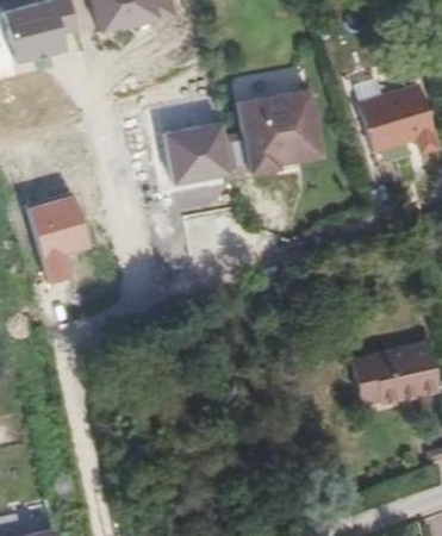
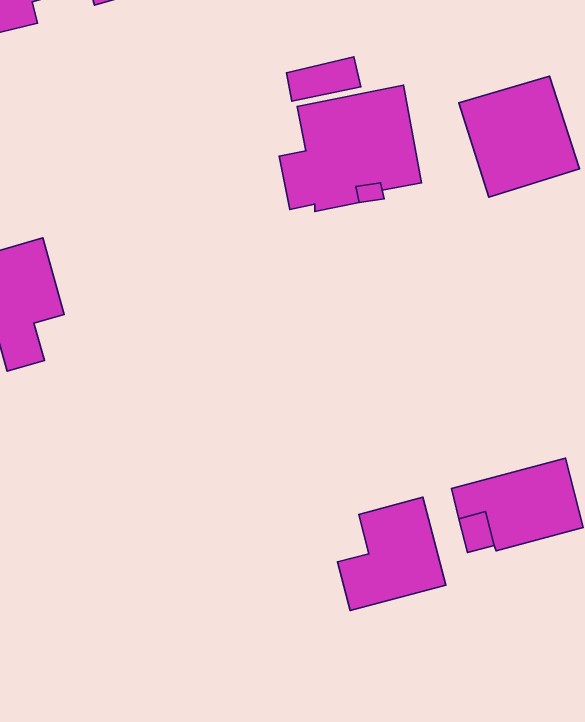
building: [166,120,236,185] -> none
building: none -> [338,497,446,610]

